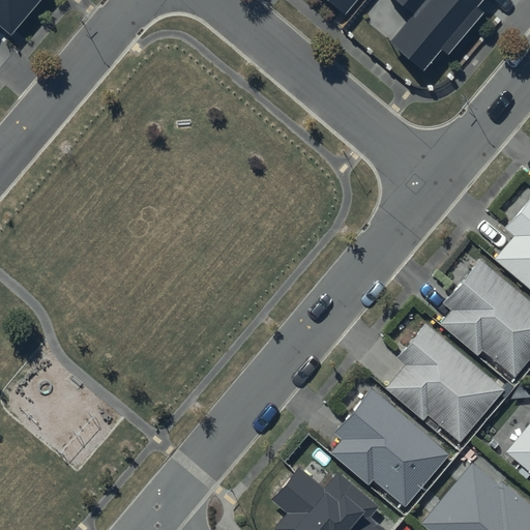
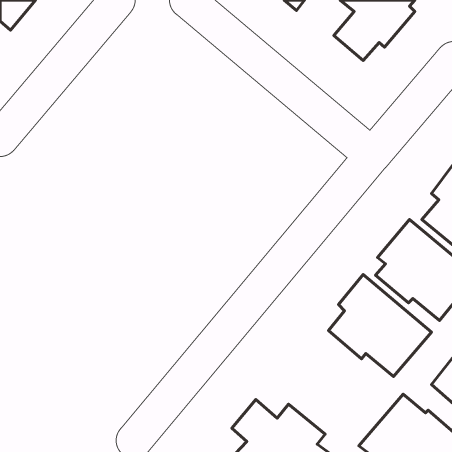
building: [330,386,449,505] -> none

